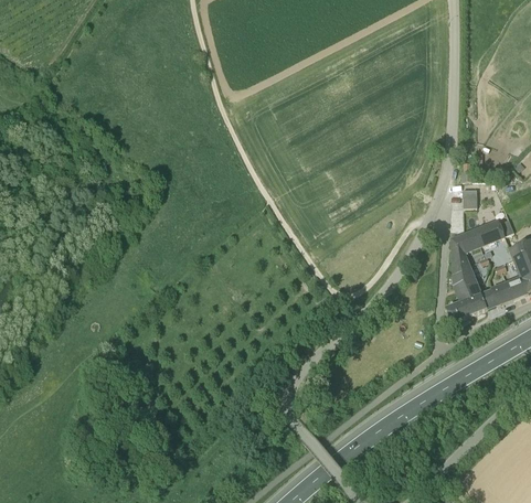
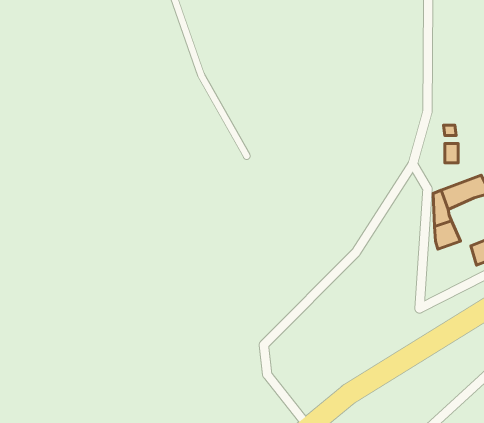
building: [446,282,493,322] -> none

